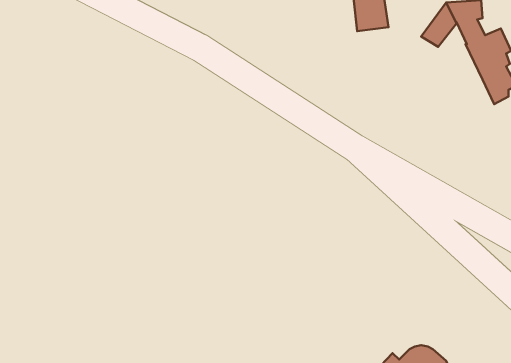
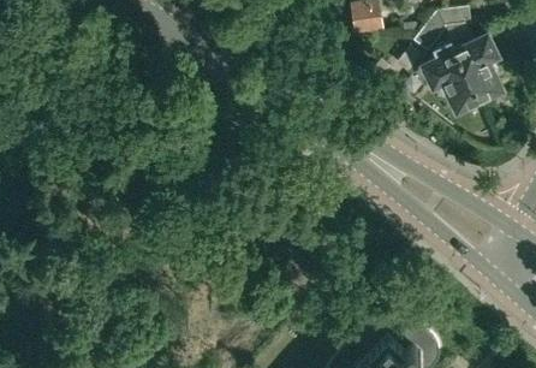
building: none -> [424,51,482,112]

